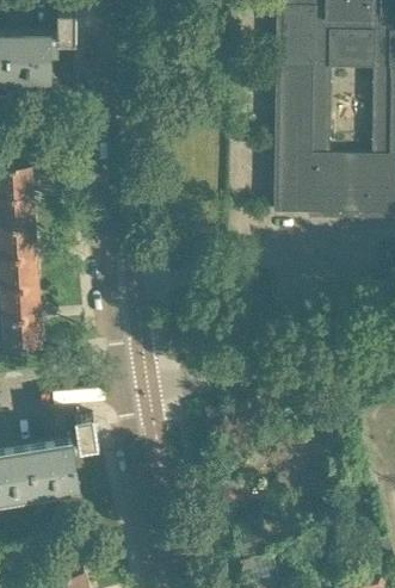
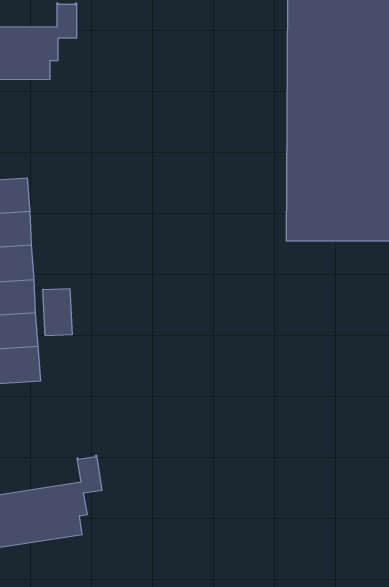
building: none -> [43,289,72,336]

